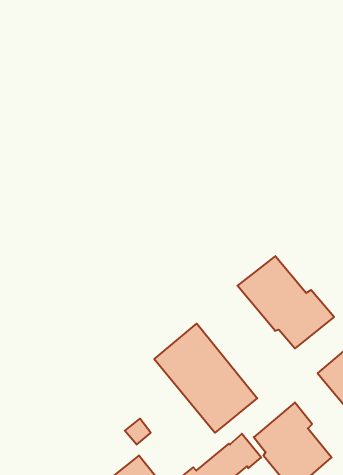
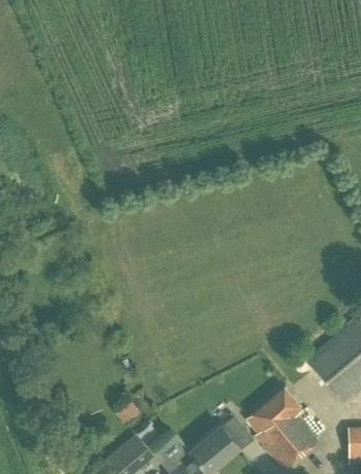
building: [237,256,334,348] -> none
building: [154,324,257,433] -> none

